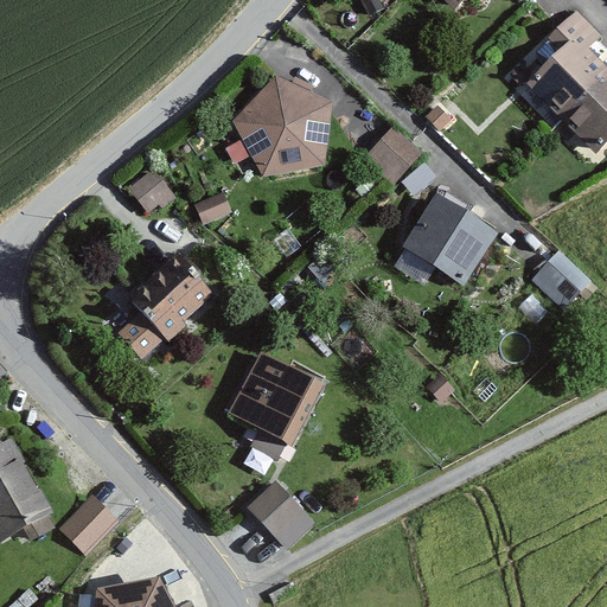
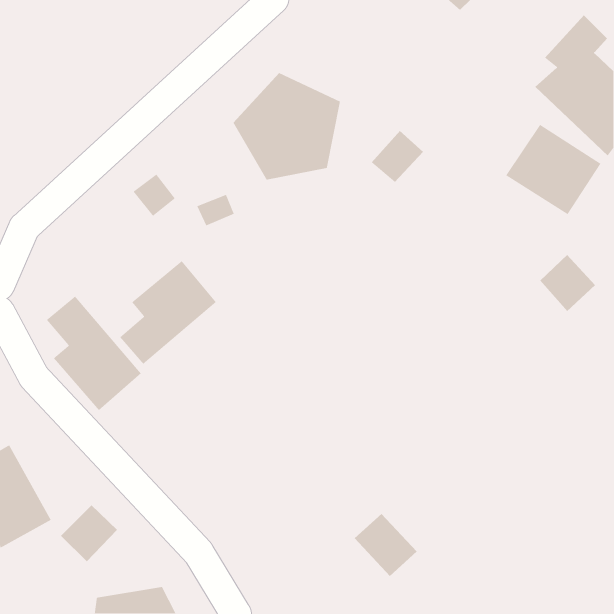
building: [402,194,497,285] -> [505,124,601,215]
building: none -> [46,295,142,411]
building: [226,350,322,446] -> none
building: [249,483,312,545] -> [354,513,418,577]

